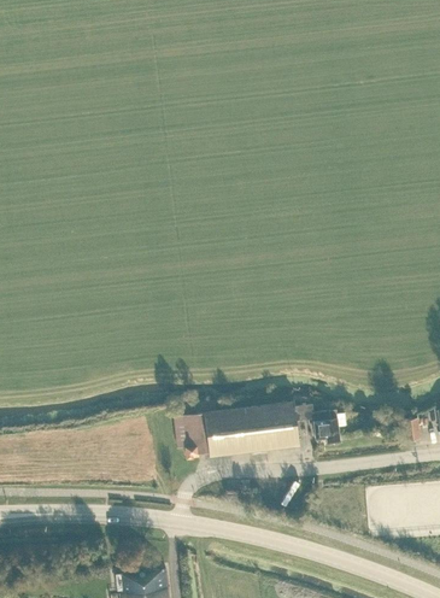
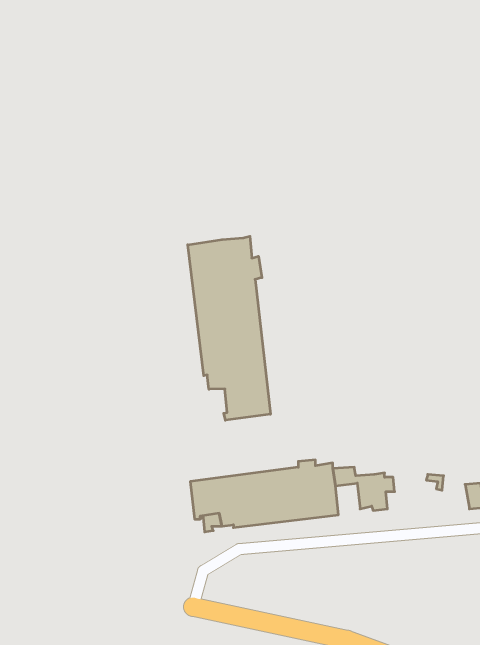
building: none -> [188,236,270,420]

